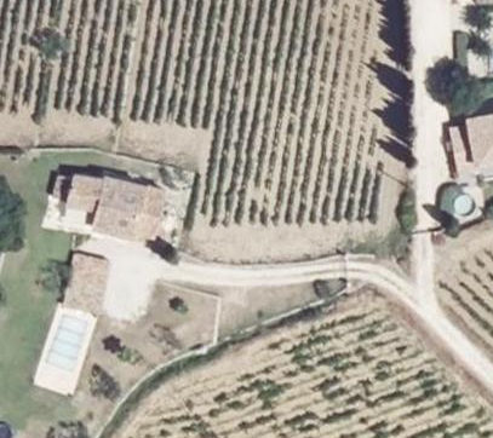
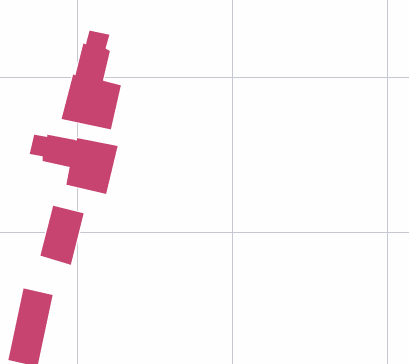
building: none -> [61,30,122,130]

